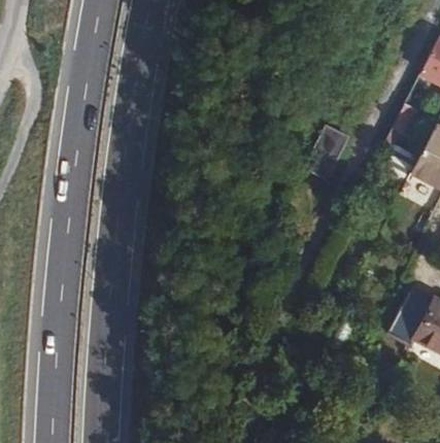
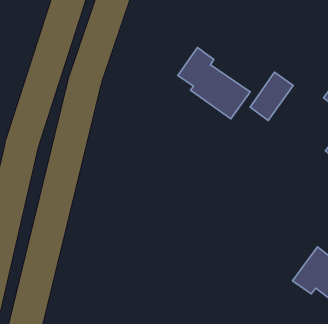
building: none -> [178,48,250,119]

